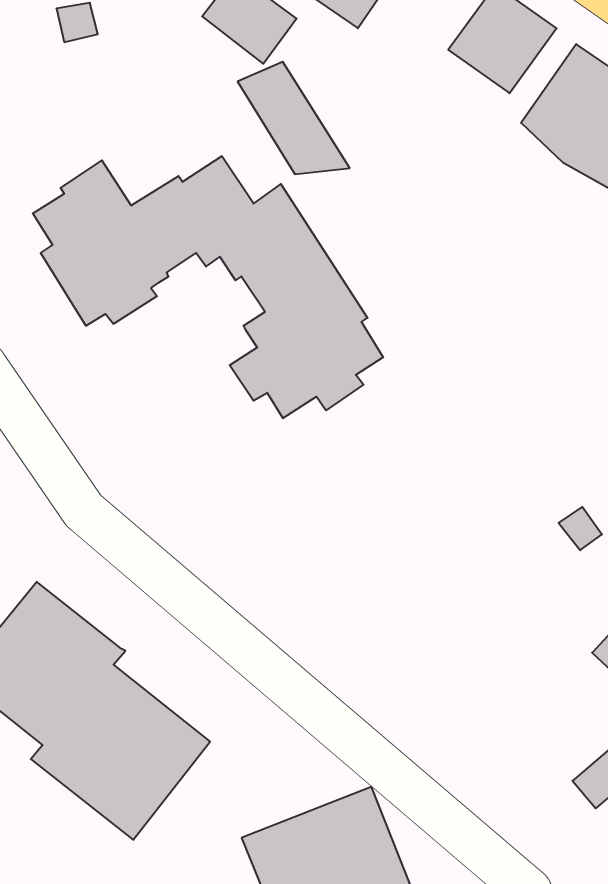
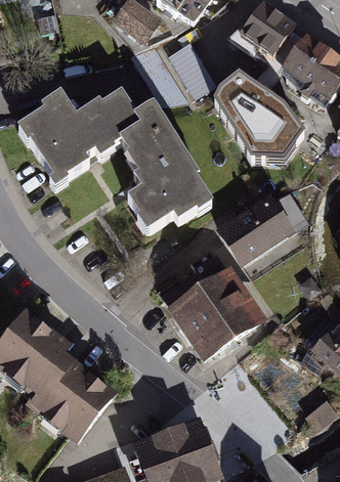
building: none -> [167,39,215,95]
building: none -> [213,75,305,163]
building: none -> [213,189,311,269]
building: none -> [156,252,263,361]

